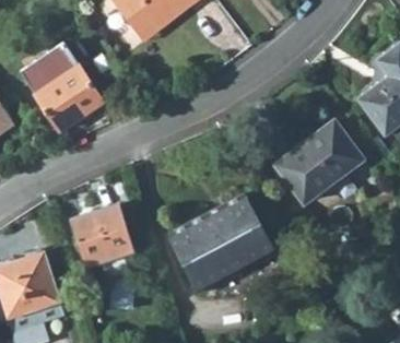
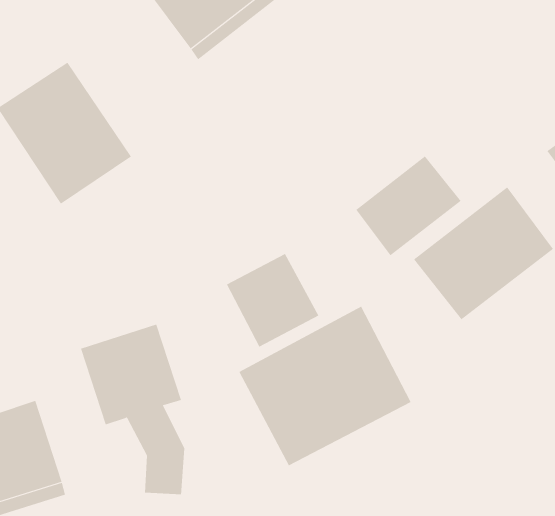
building: none -> [355,156,462,256]
building: none -> [226,253,319,348]

